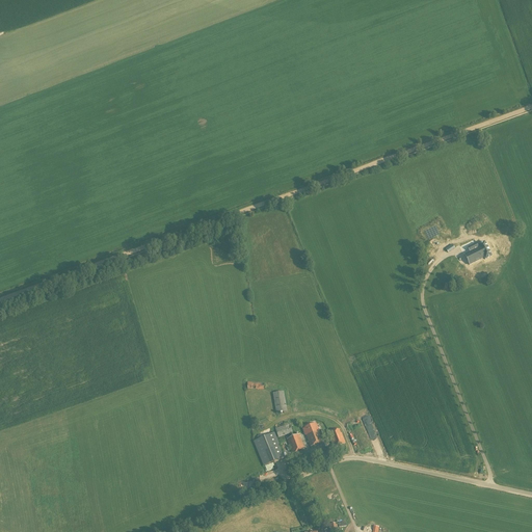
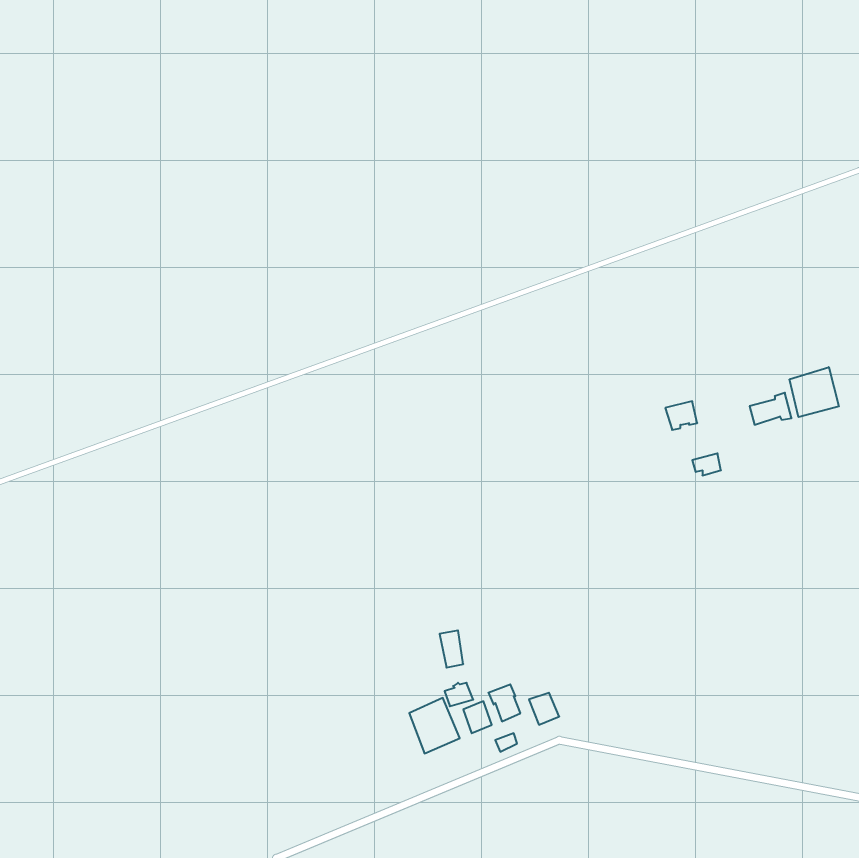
building: none -> [790,367,839,417]

